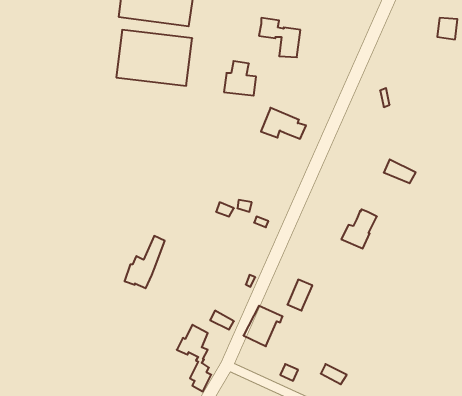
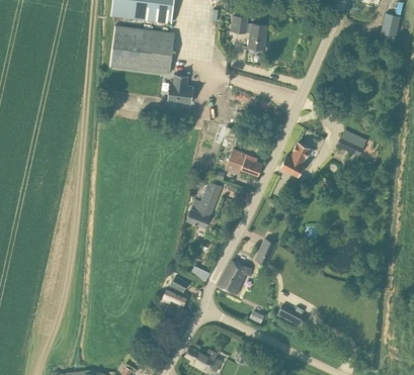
building: [224,61,256,96] -> [167,74,194,103]
building: [261,108,306,139] -> [225,150,263,176]
building: [341,209,377,249] -> [280,143,311,176]
building: [124,236,165,288] -> [186,183,221,227]

